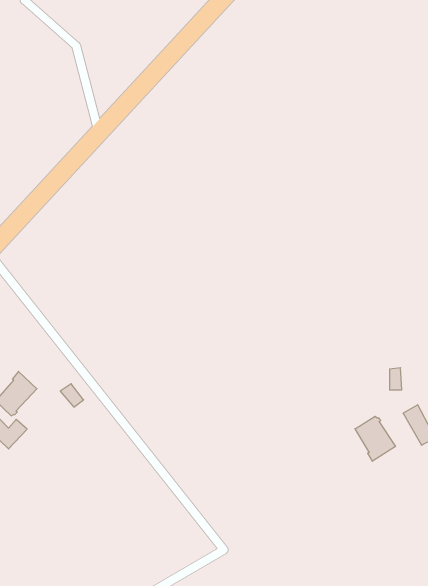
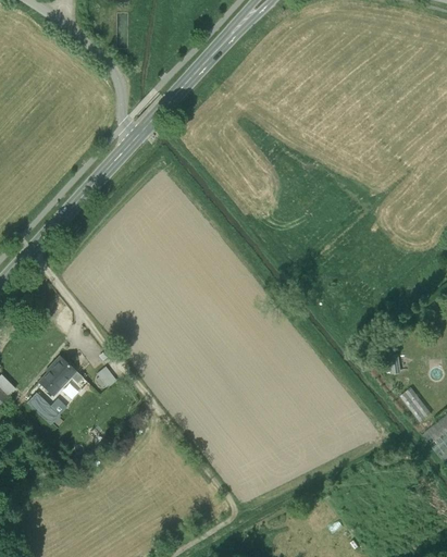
building: [355,416,395,461] -> none

